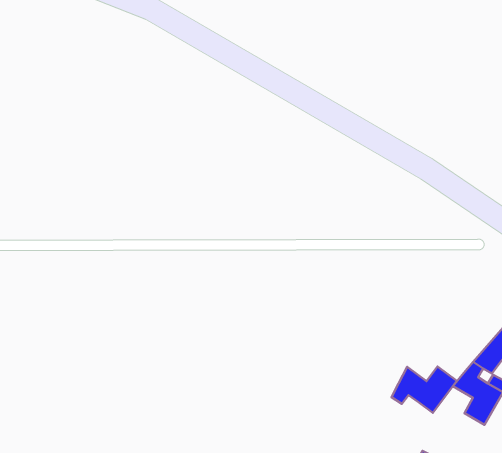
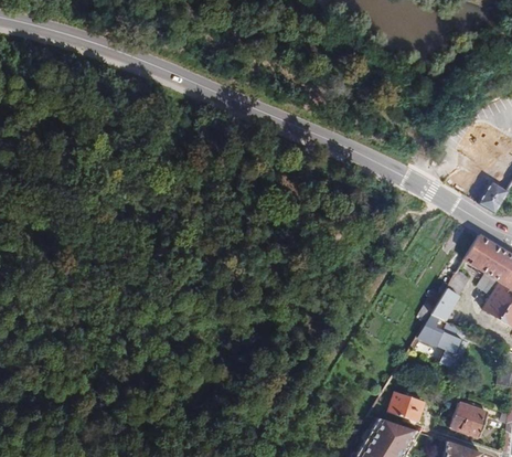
building: [392,366,457,413] -> none

